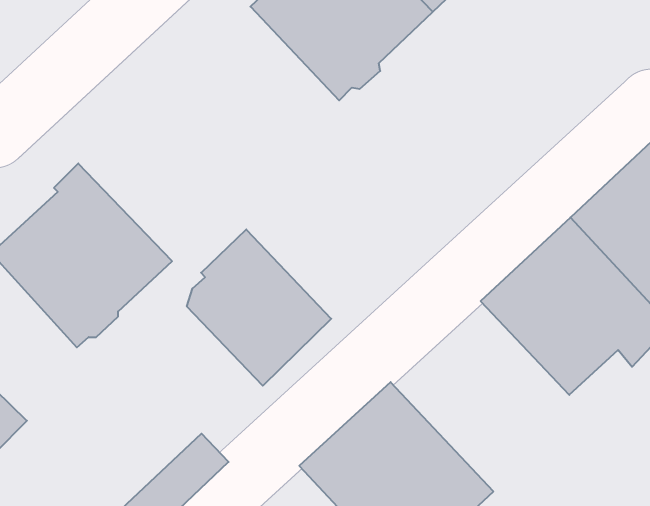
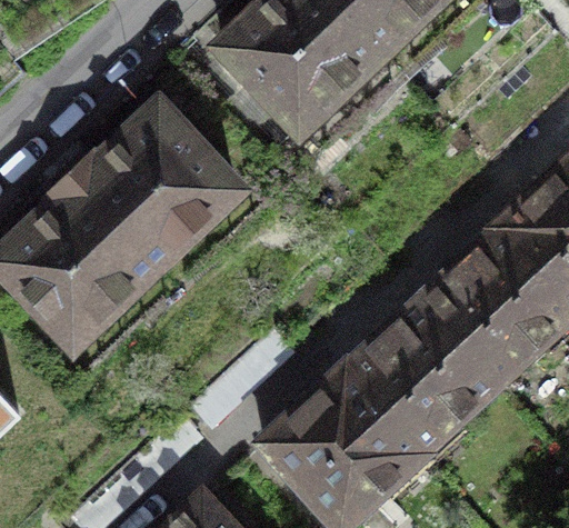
building: none -> [69,110,231,268]
building: [187,229,331,386] -> none
building: none -> [339,302,493,467]

